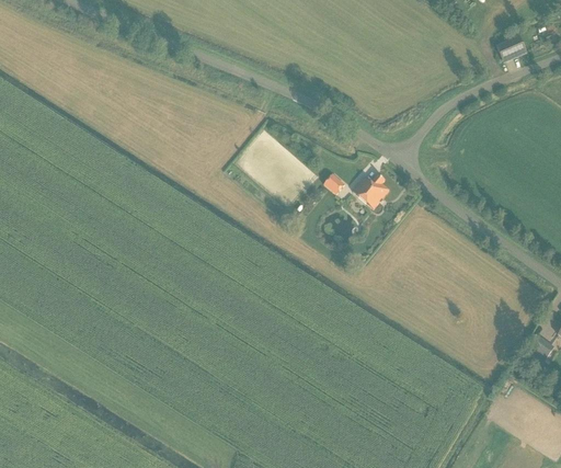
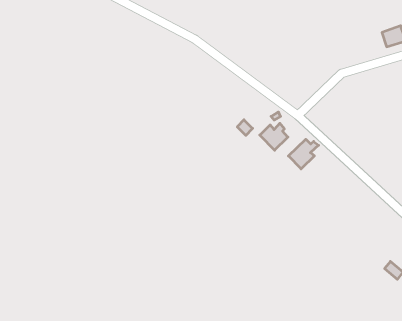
building: none -> [288,139,319,169]

